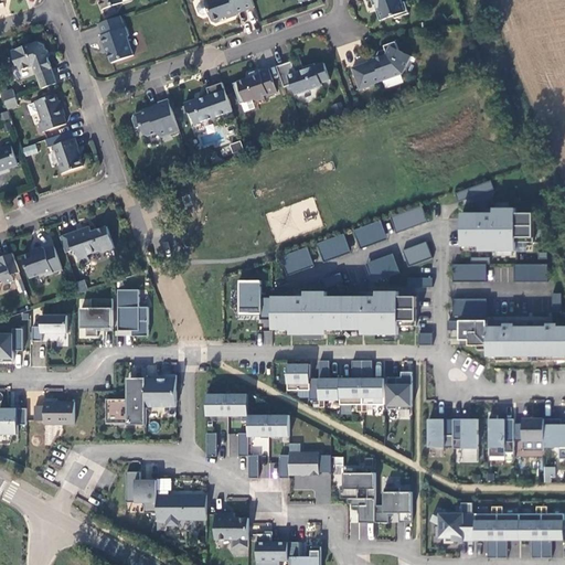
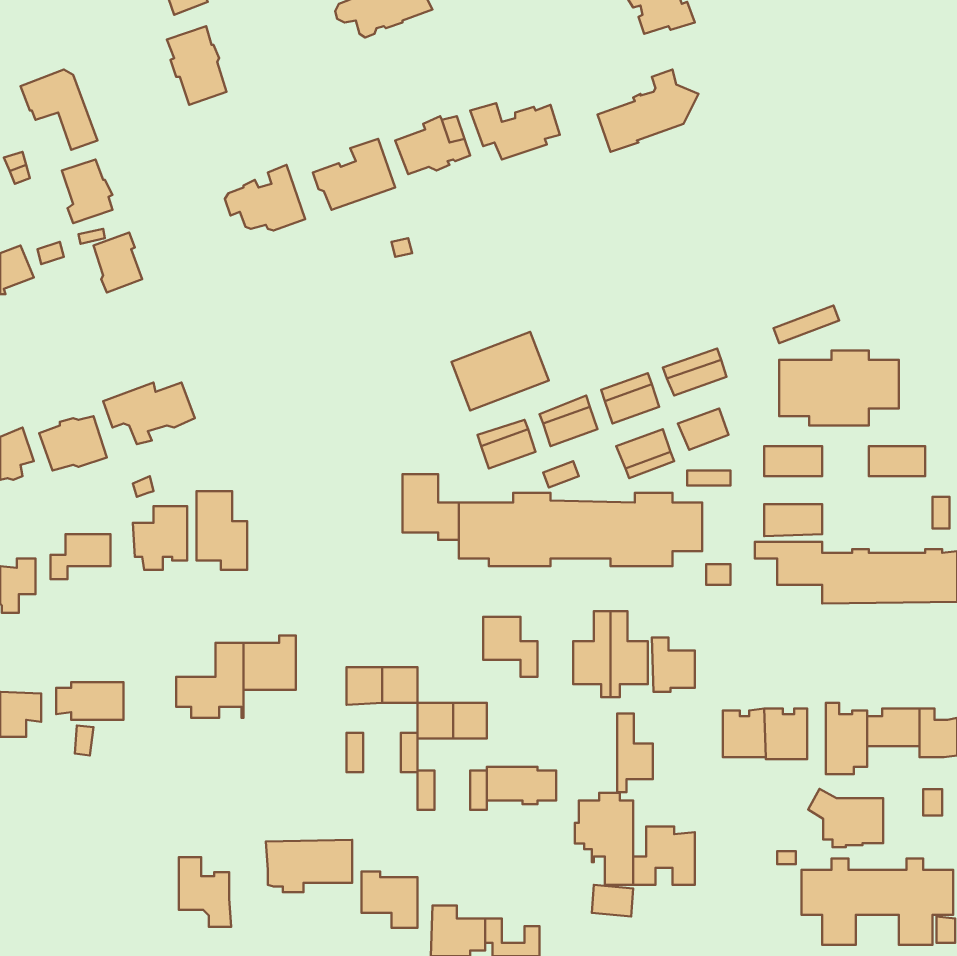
building: [317,360,338,406] -> [617,713,653,792]
building: [127,471,158,512] -> [179,857,231,927]
building: [428,507,472,541] -> [808,789,883,847]

